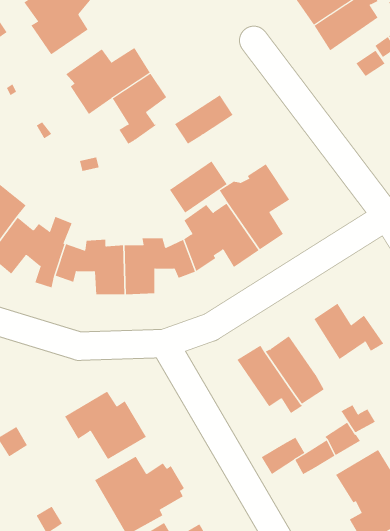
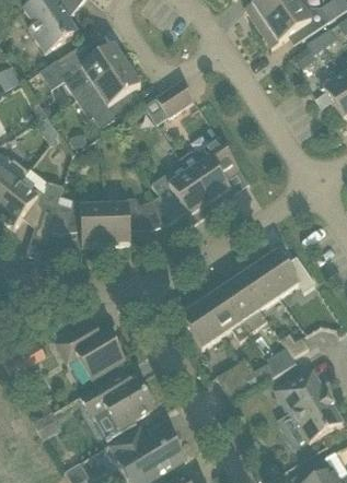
building: [169,160,228,214] -> none
building: none -> [239,264,279,309]
building: none -> [176,297,222,349]

